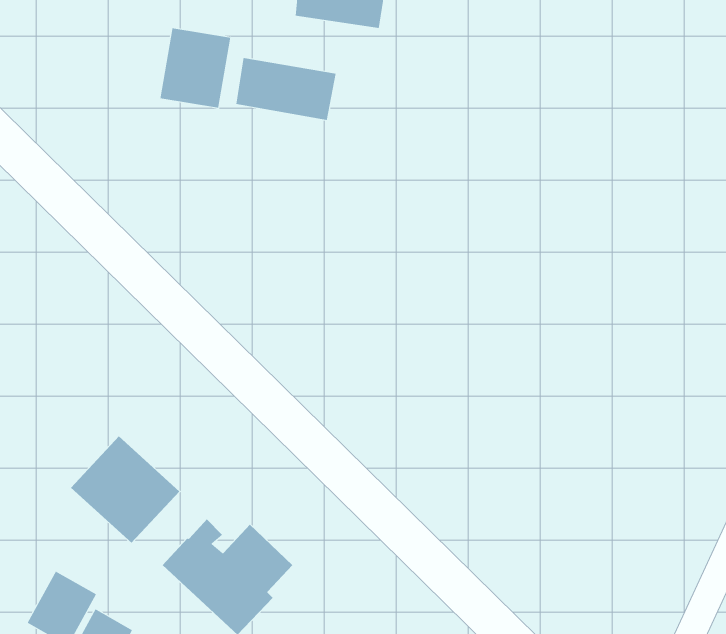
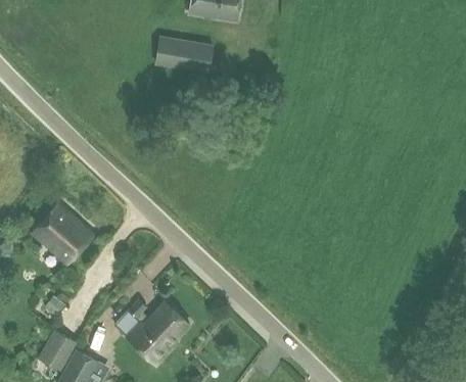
building: [160,28,231,108] -> none
building: [70,436,180,544] -> [32,203,94,265]

